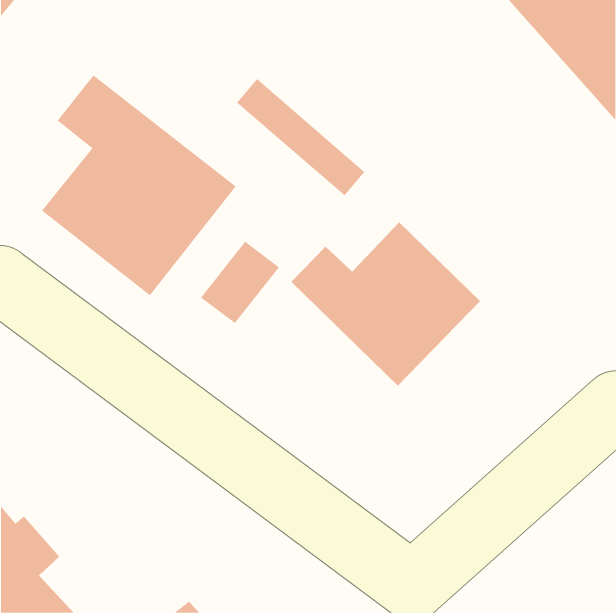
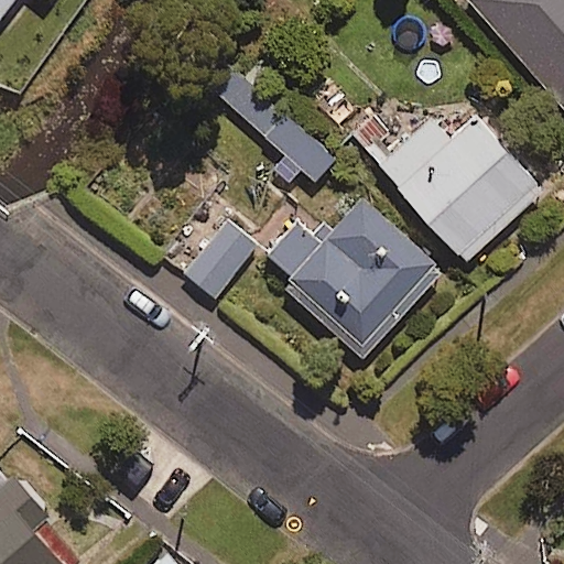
building: [41,75,236,296] -> none
building: none -> [377,115,545,261]

